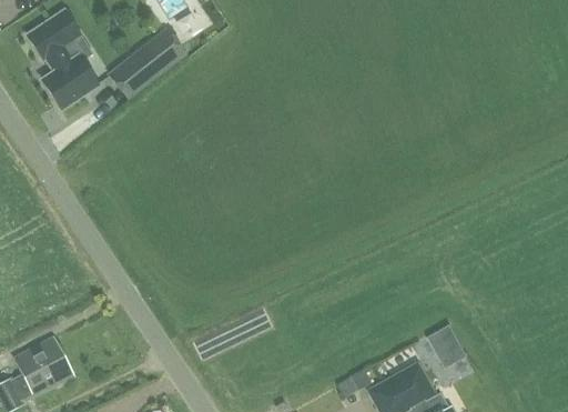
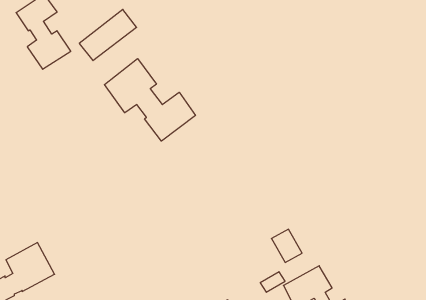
building: none -> [104,59,195,141]
building: [425,325,465,369] -> [271,229,302,262]

